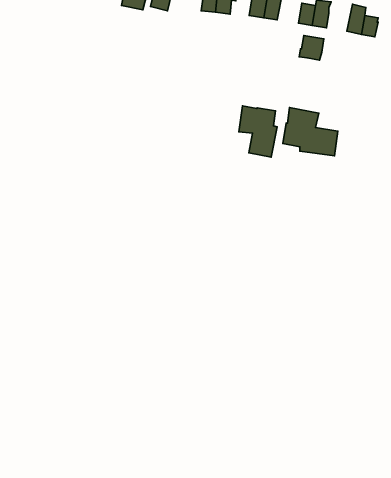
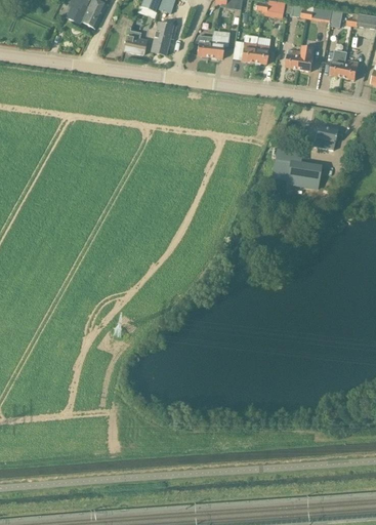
building: [299,35,324,60] -> [315,126,337,149]
building: [239,106,277,157] -> none

